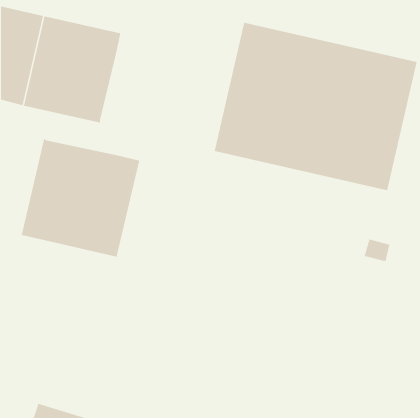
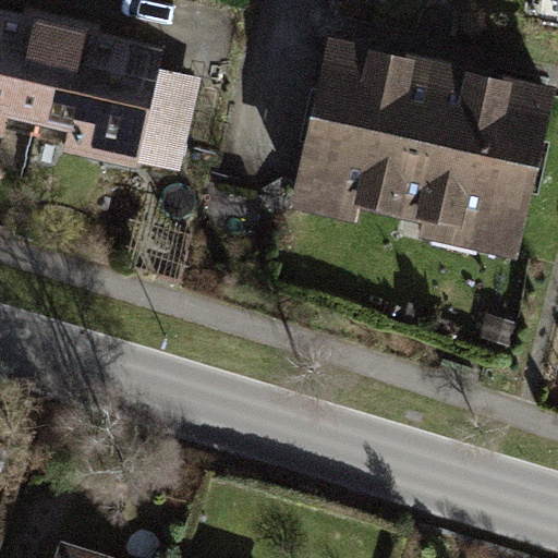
building: none -> [135,74,203,174]
building: [21,138,140,257] -> none

